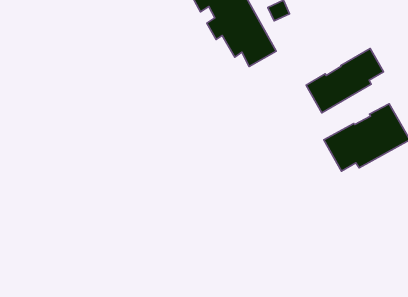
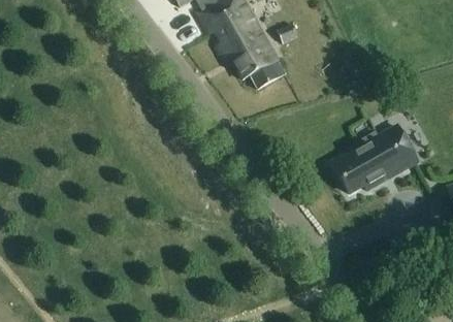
building: [306,48,383,113] -> none

